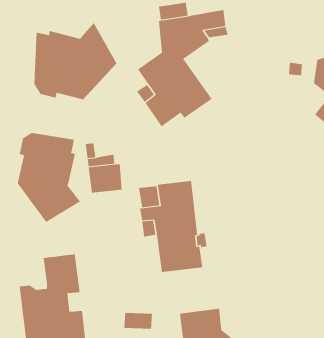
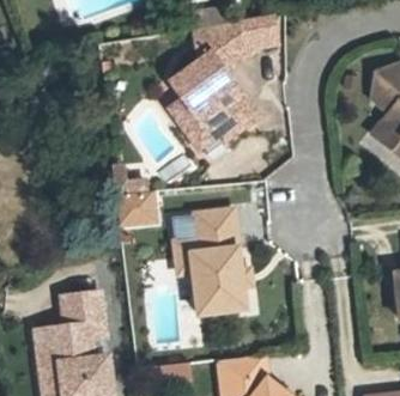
building: [34,22,117,100] -> none
building: [17,132,81,223] -> none

